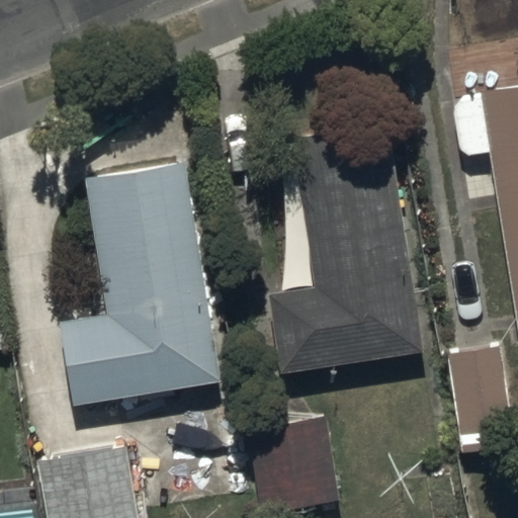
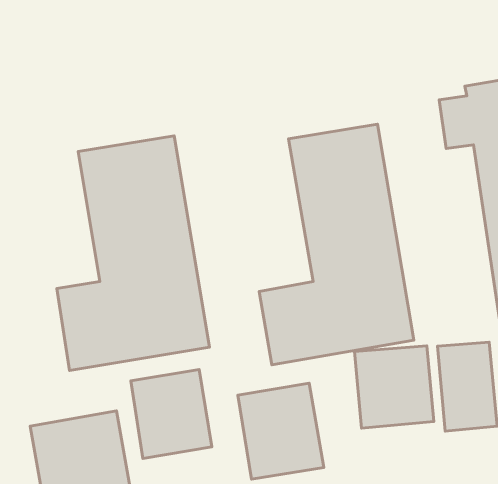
building: none -> [354,346,434,428]
building: none -> [131,369,212,458]

